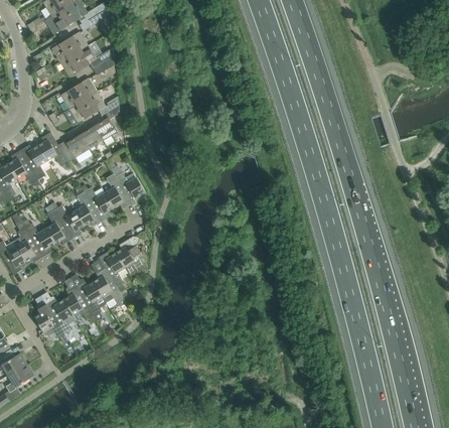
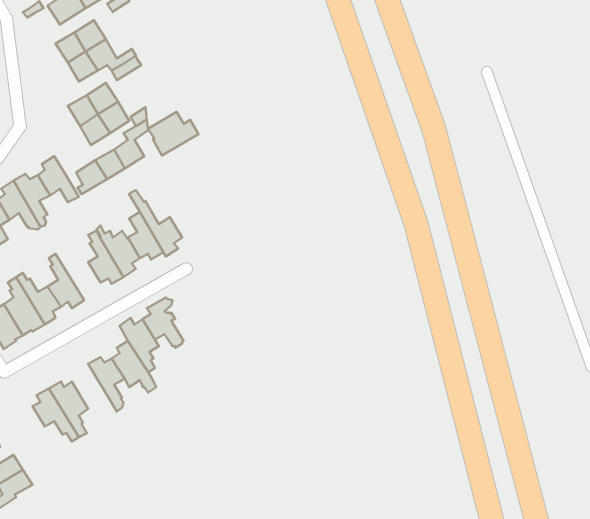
building: none -> [148,112,198,156]
building: [51,201,85,238] -> none
building: [63,285,94,319] -> none

